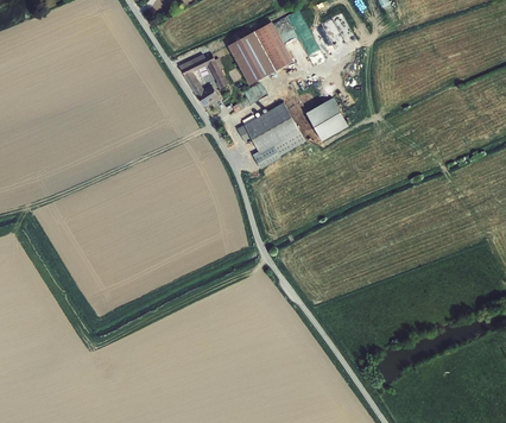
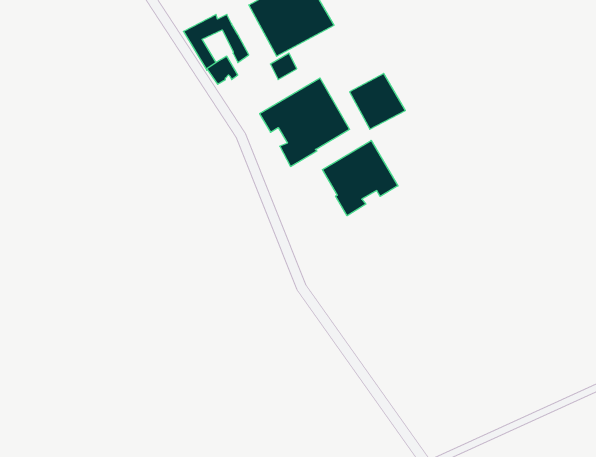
building: none -> [322,140,398,216]

